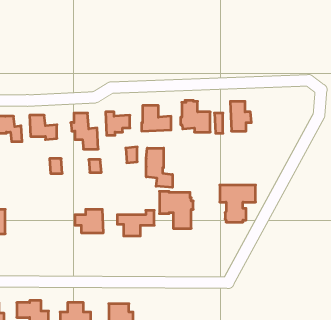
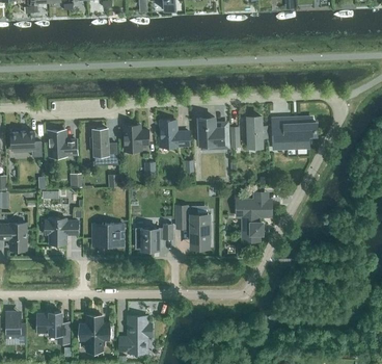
building: none -> [272,119,316,150]
building: [146,148,172,187] -> none
building: none -> [45,218,77,243]

